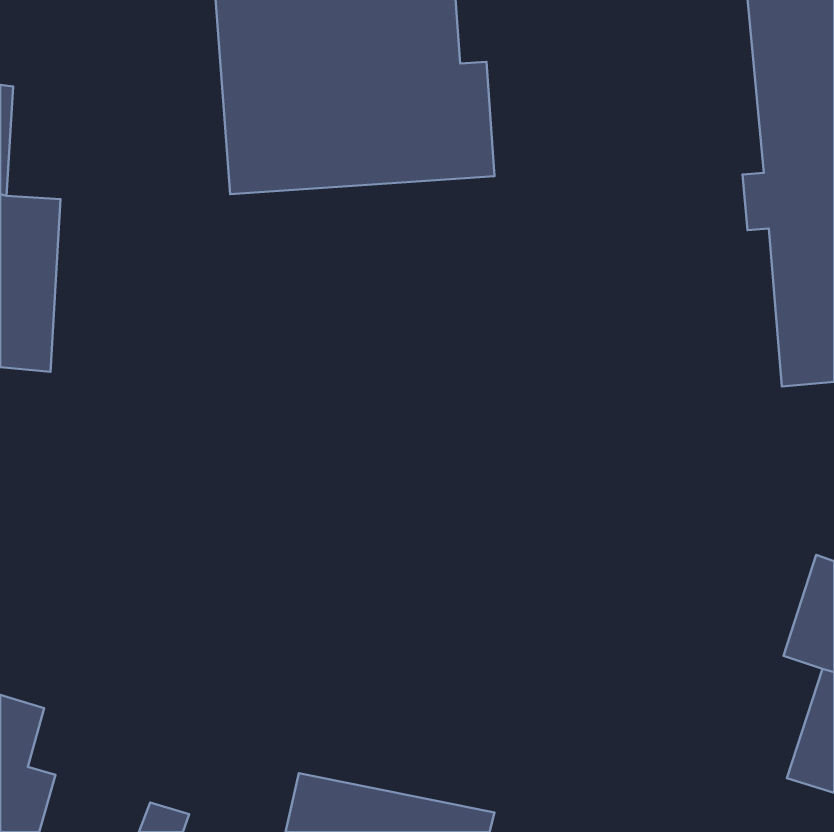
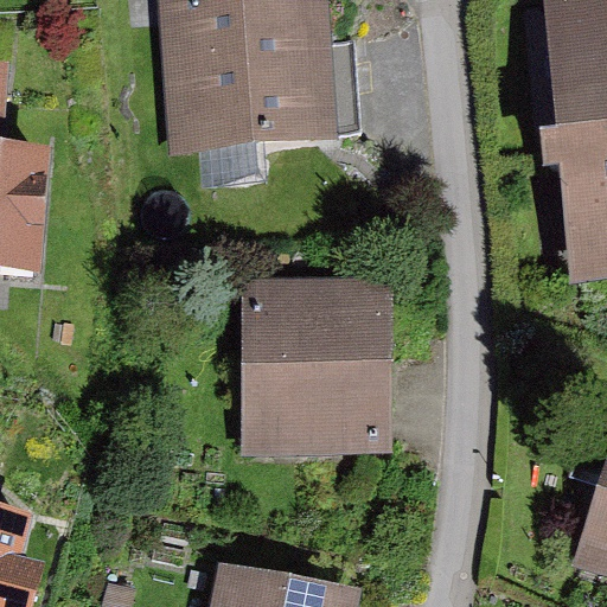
building: none -> [243,282,392,459]

